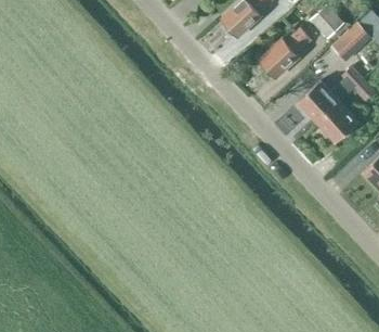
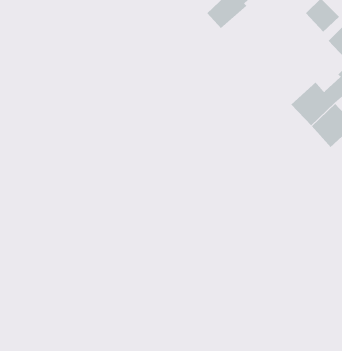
building: [260,30,310,78] -> none

